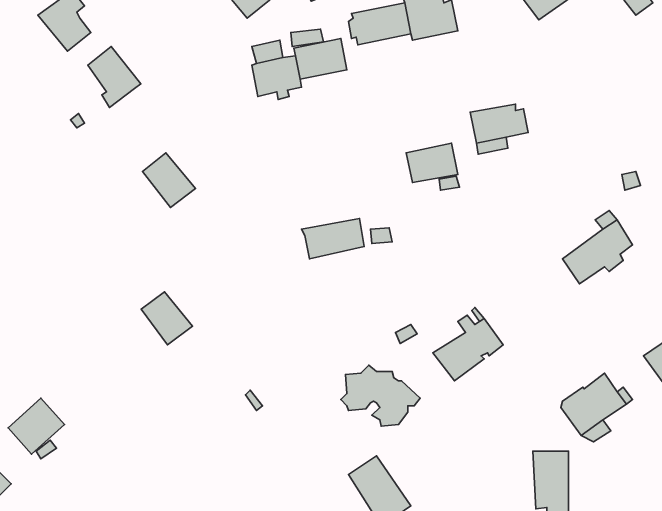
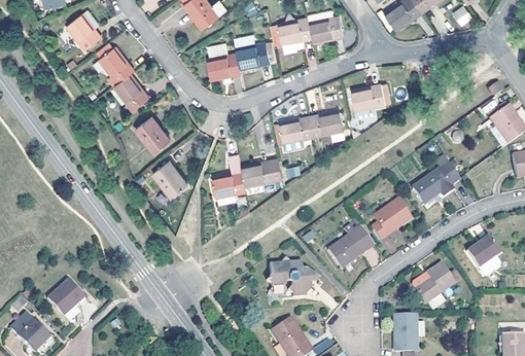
building: none -> [114,74,149,110]
building: none -> [280,116,314,142]
building: none -> [212,171,247,205]
building: none -> [372,198,412,239]
building: [141,292,193,345] -> [154,162,188,197]

